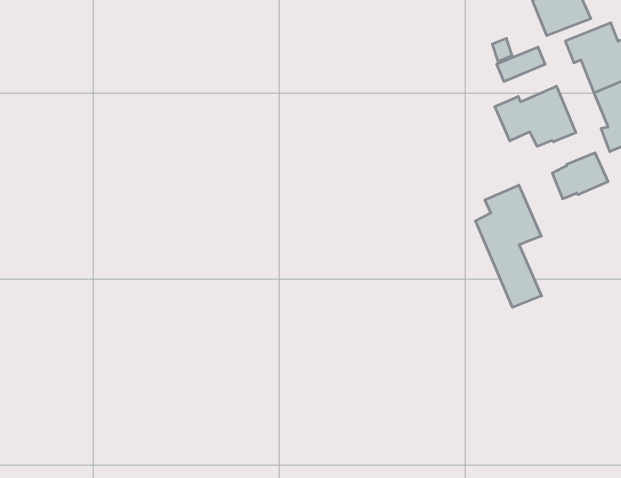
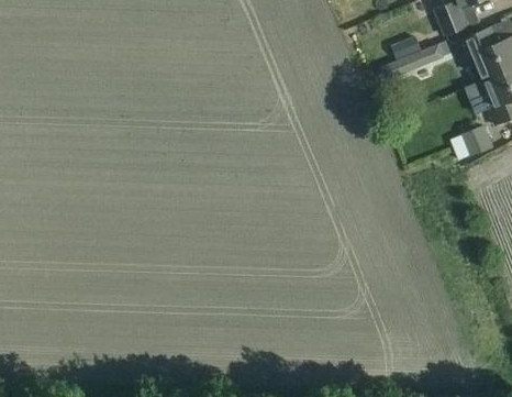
building: [495,86,576,146] -> none
building: [475,185,542,307] -> none

